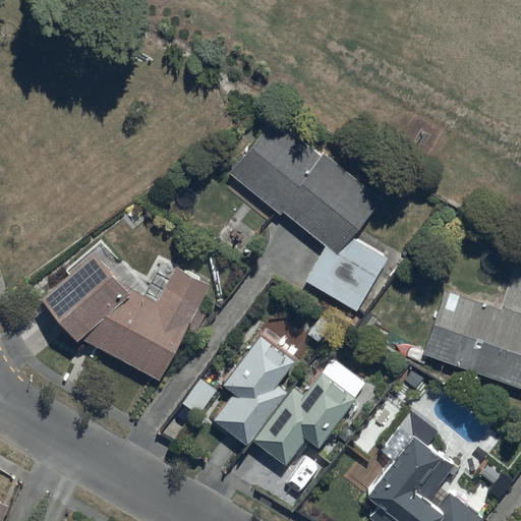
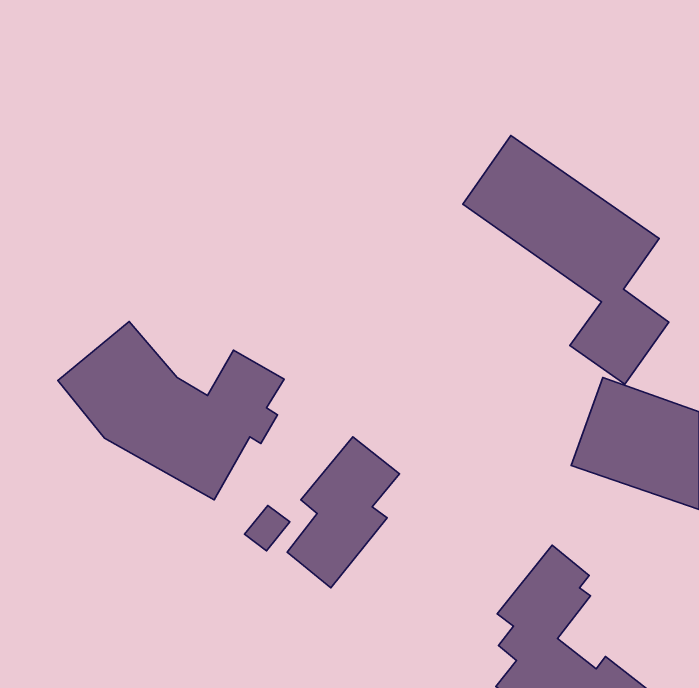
building: [235,123,388,307] -> [463,136,669,384]
building: [251,358,365,467] -> none

